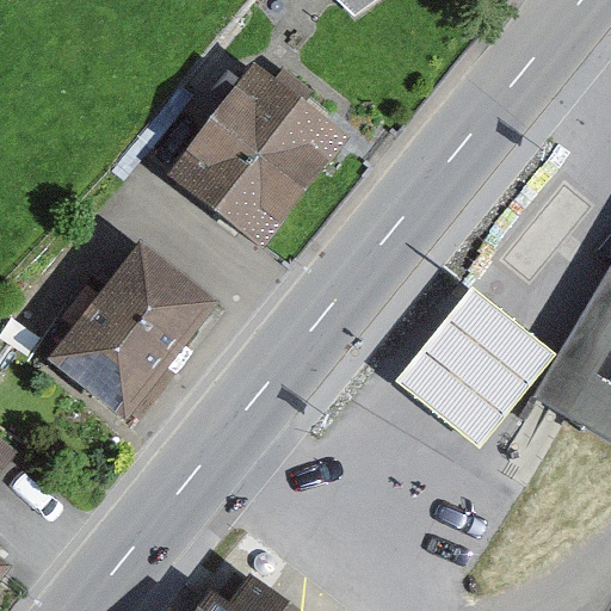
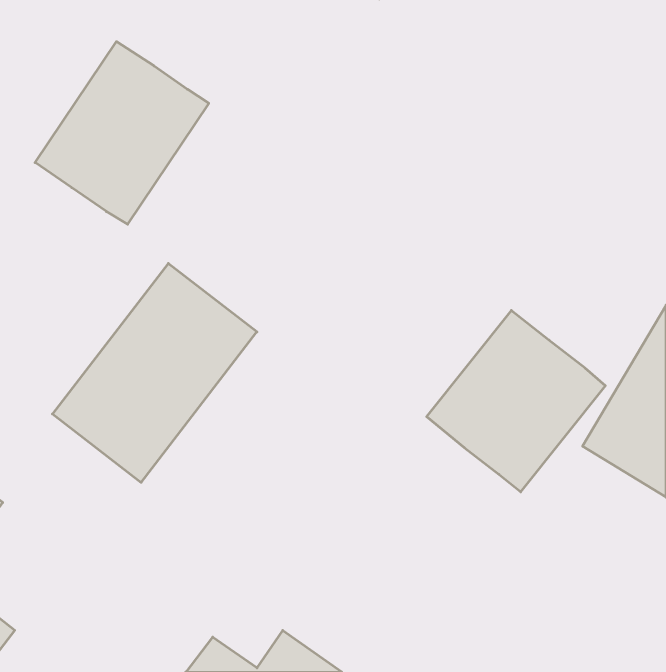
building: none -> [35,42,209,224]
building: [183,55,366,246] -> none

